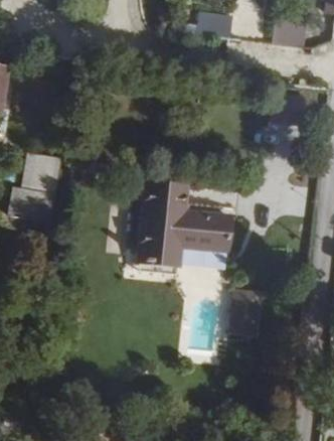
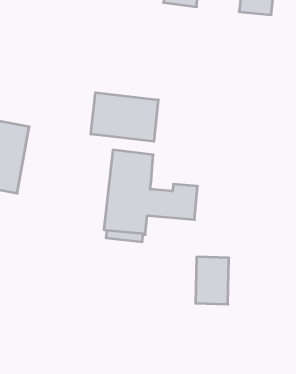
building: none -> [91,93,158,141]

